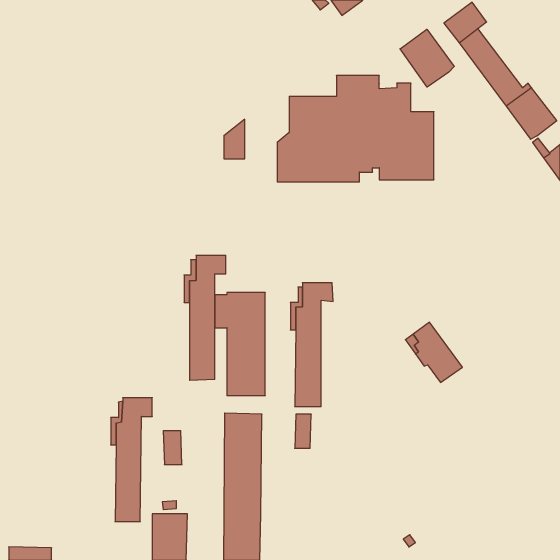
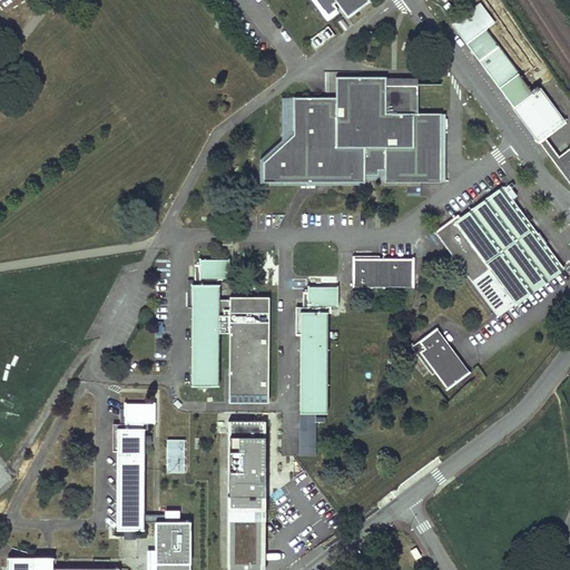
building: [400,29,454,87] -> none
building: [224,119,245,159] -> [261,145,282,185]
building: none -> [434,188,564,316]
building: none -> [352,258,414,286]

